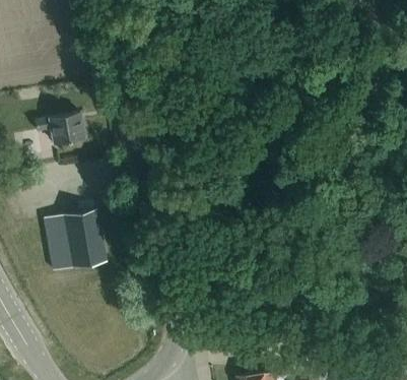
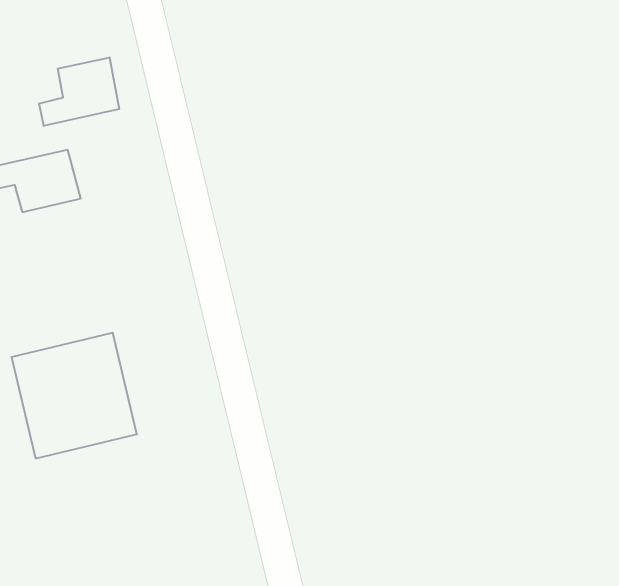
building: none -> [39,57,119,126]

